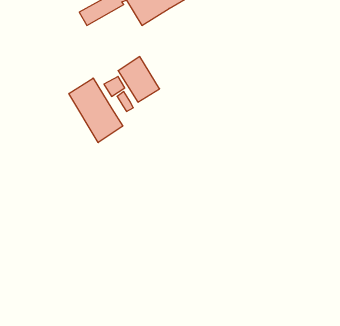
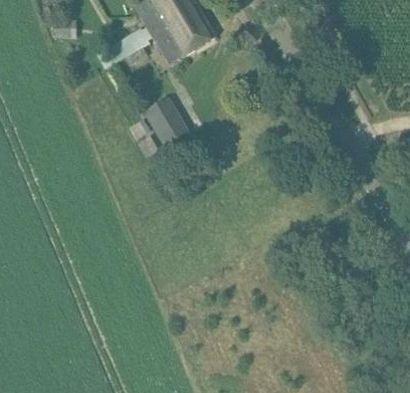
building: [69,78,123,143] -> none

